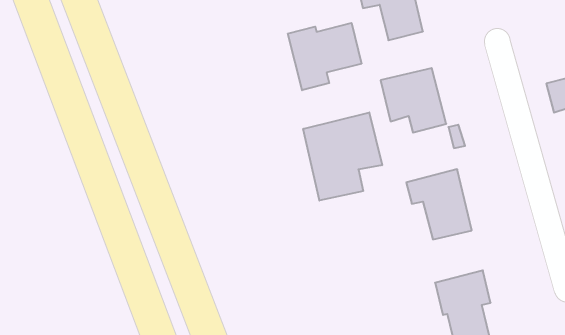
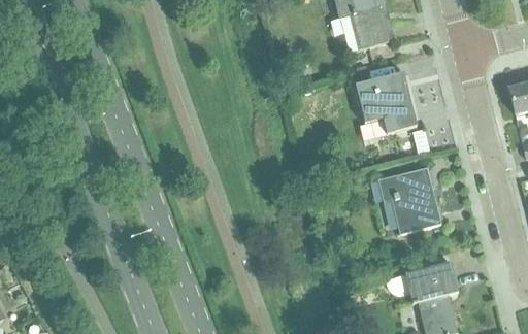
building: [288,23,361,90] -> none
building: [303,112,382,201] -> none

